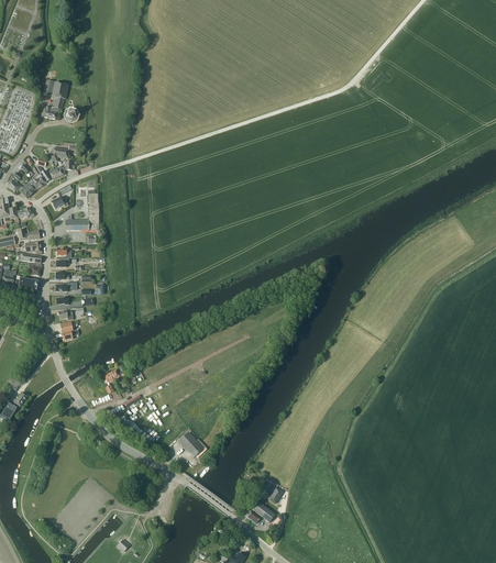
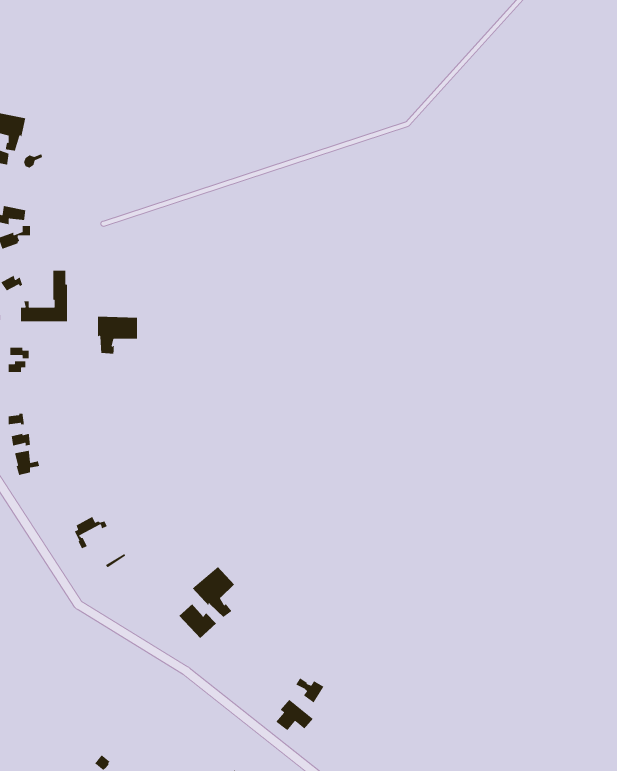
building: none -> [97,316,138,355]
building: none -> [192,566,235,618]

